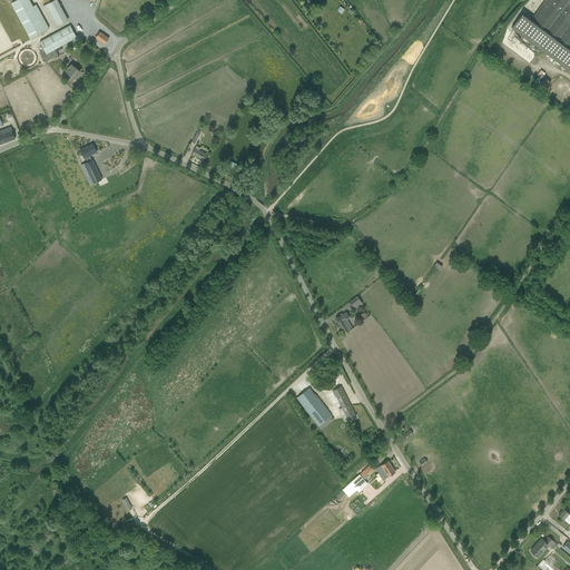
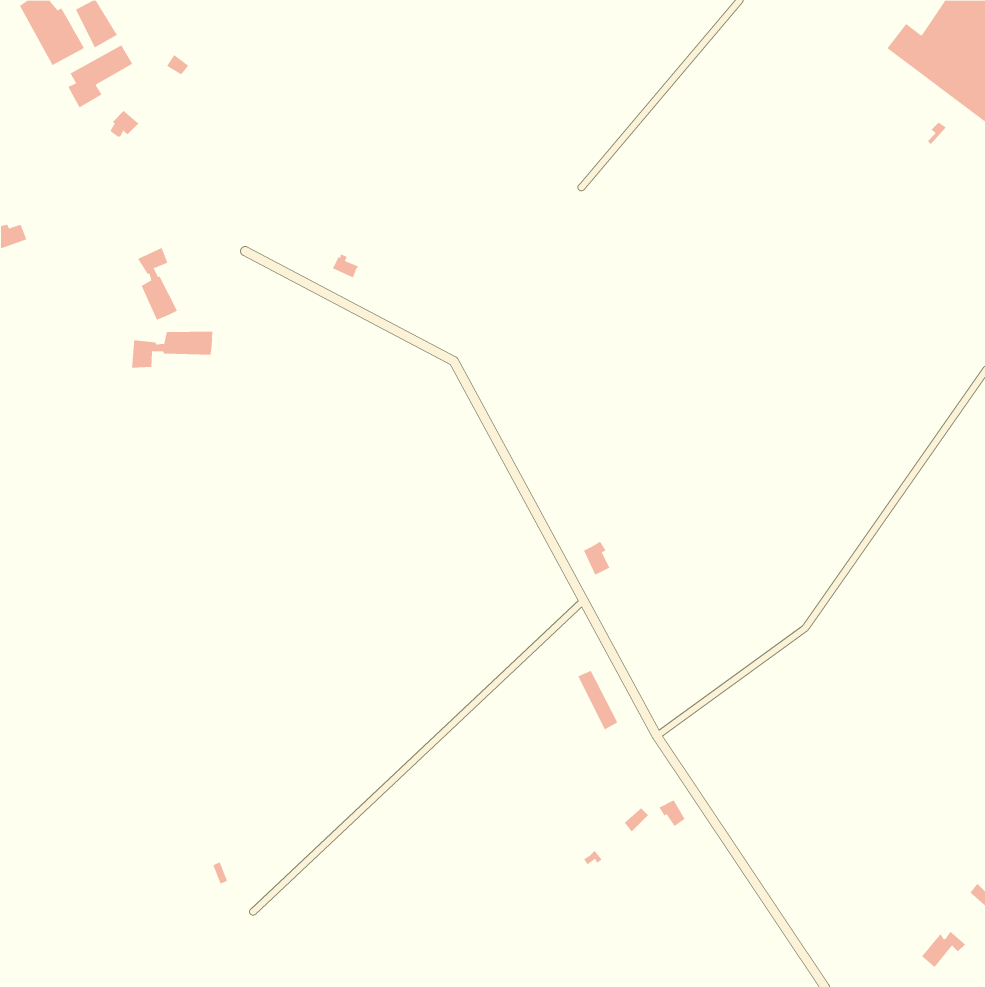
building: none -> [132,331,213,369]
building: [297,387,332,425] -> none

